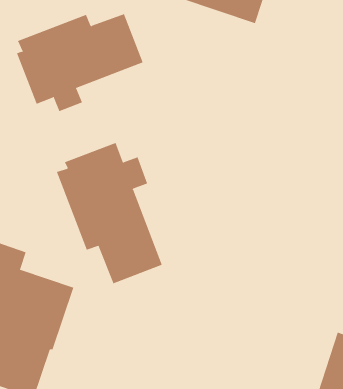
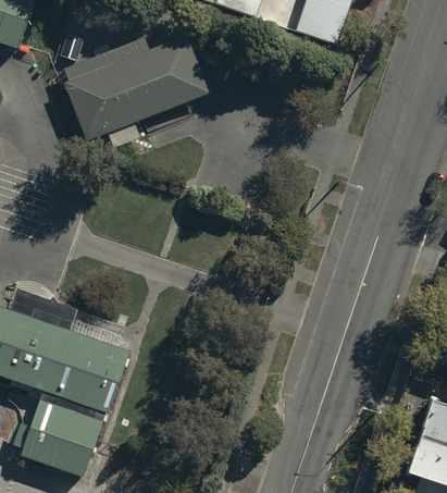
building: [56,142,163,284] -> none

